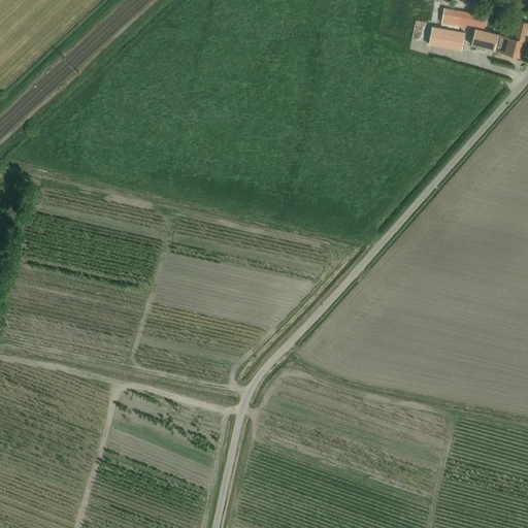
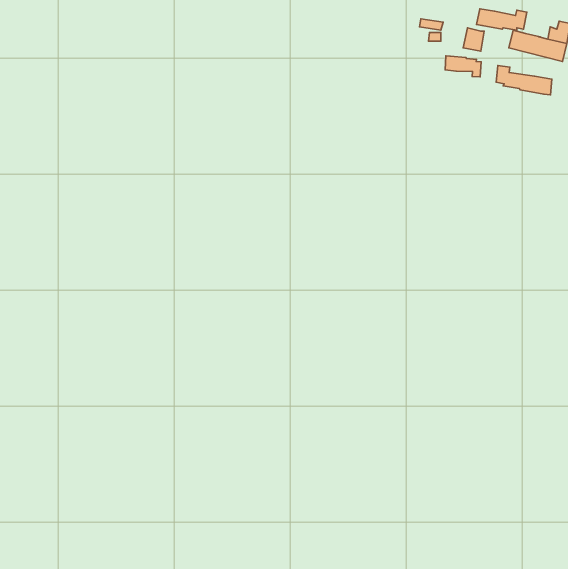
building: none -> [445,56,481,77]
building: none -> [496,66,552,95]

